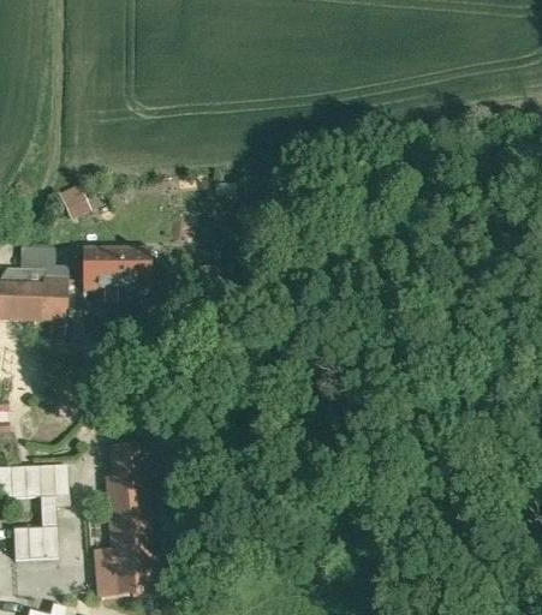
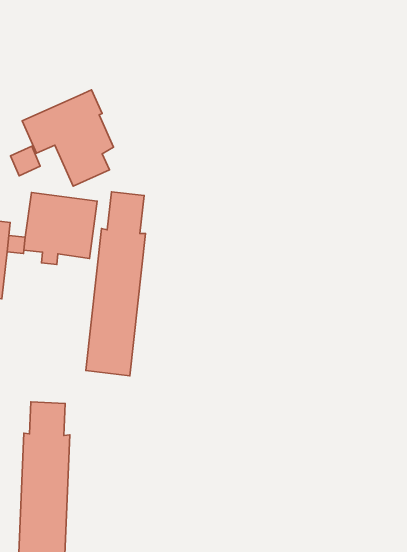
building: none -> [22,90,114,186]
building: none -> [86,192,146,376]

